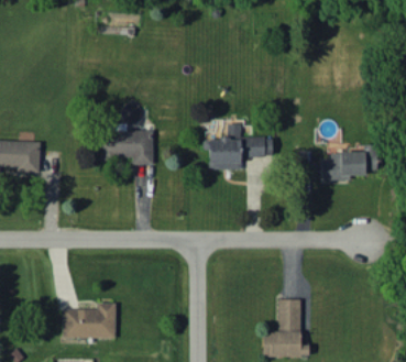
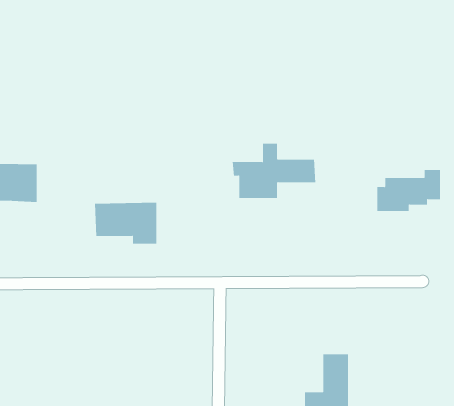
building: [99,130,152,165] -> [94,202,157,244]
building: [62,303,114,338] -> none

